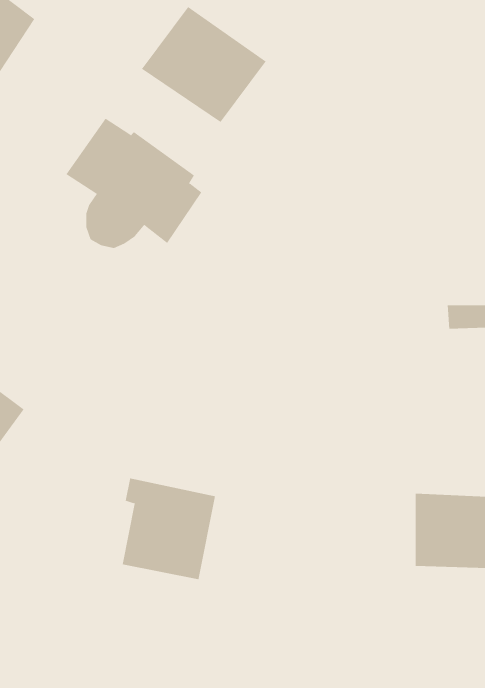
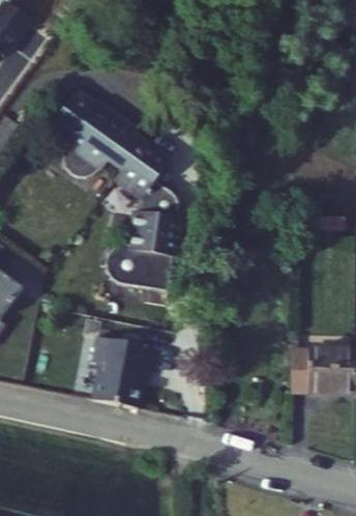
building: [141,6,267,123] -> none
building: none -> [103,138,184,293]

